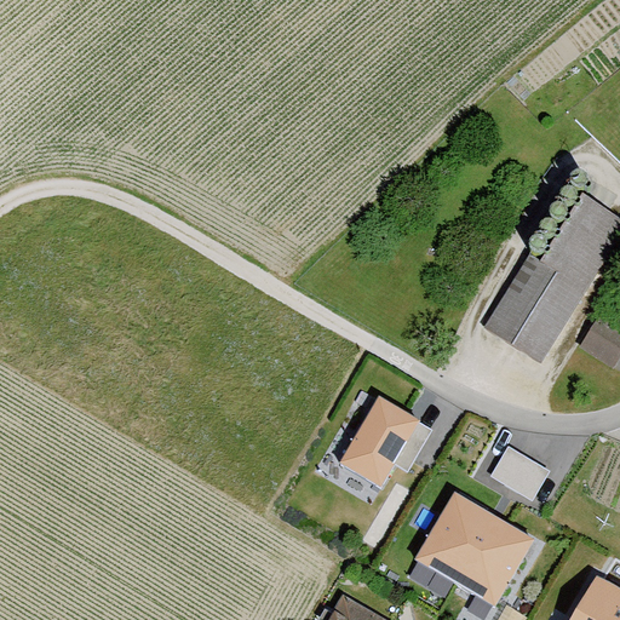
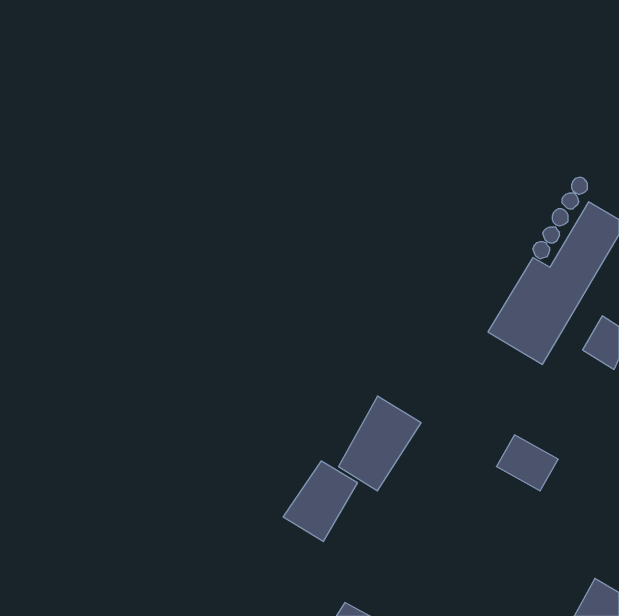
building: none -> [283,461,357,542]
building: [413,492,535,609] -> none

